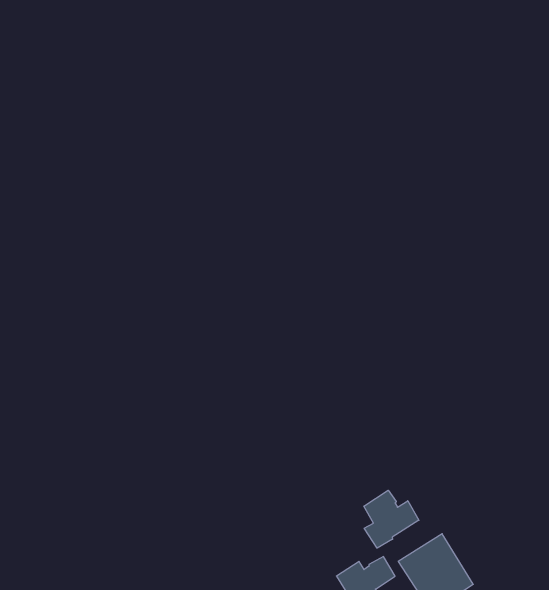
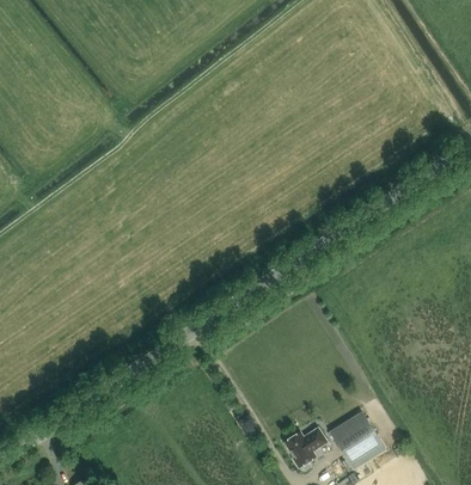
building: [364,490,419,548] -> none

